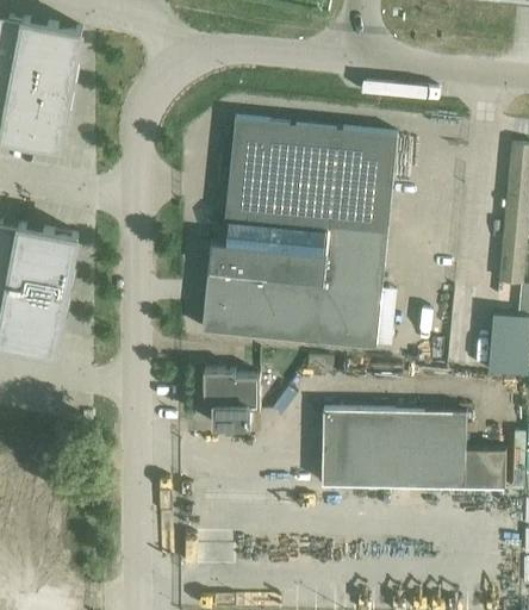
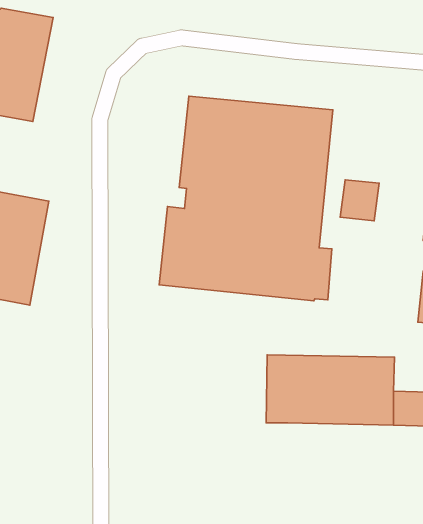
building: none -> [340,180,379,221]
building: [204,371,260,425] -> none

